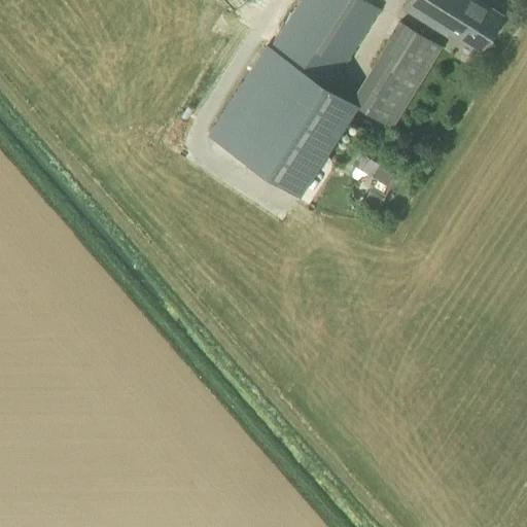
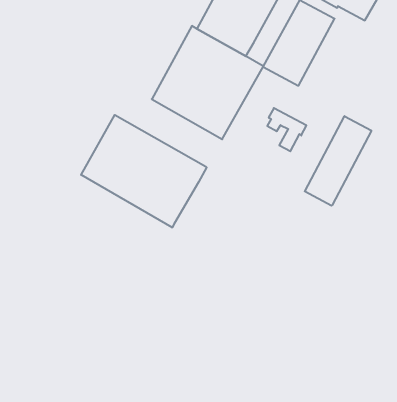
building: none -> [81,115,207,228]
building: none -> [305,116,371,206]

